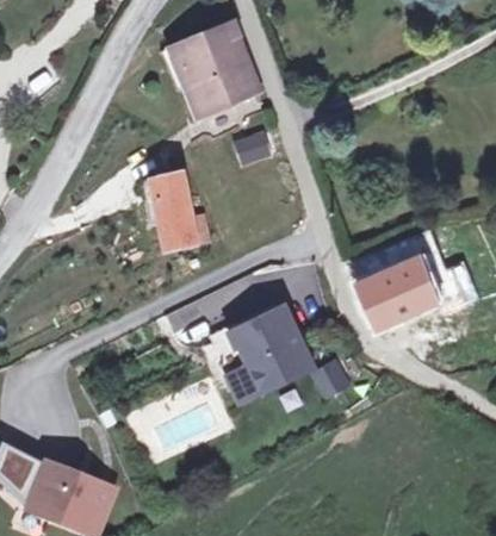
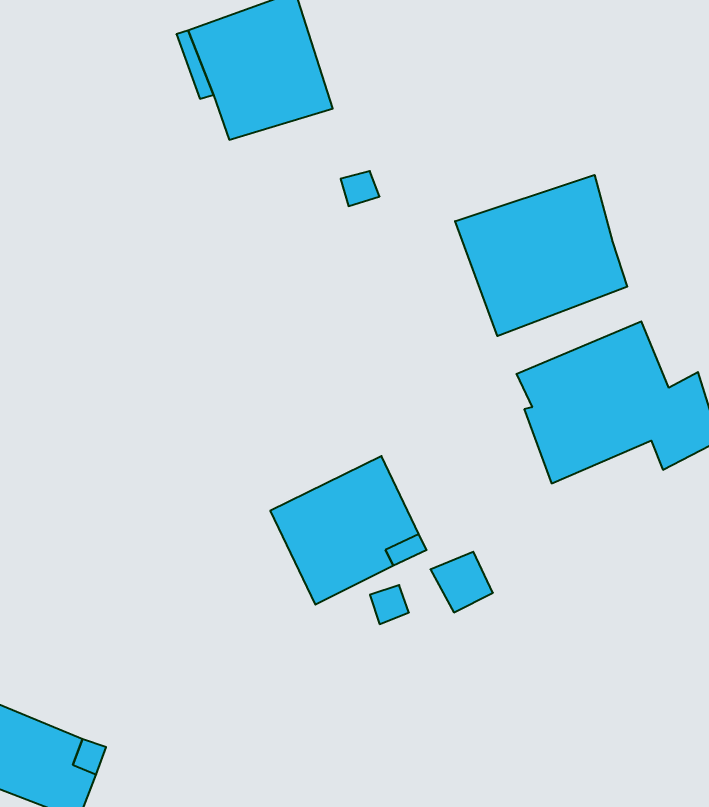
building: none -> [455,175,627,336]
building: [145,174,213,247] -> none

